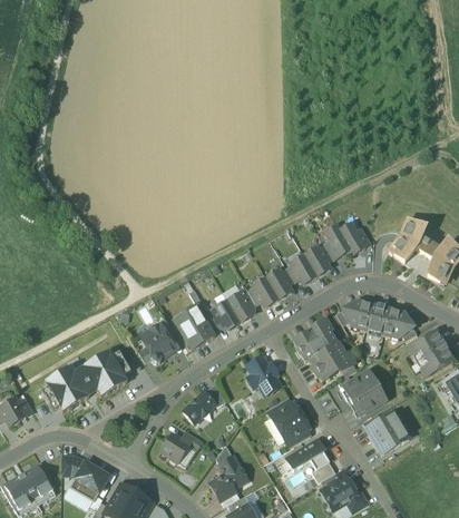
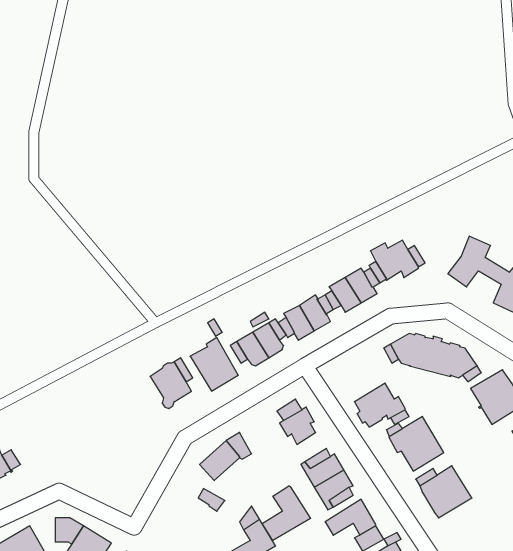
building: [294,319,338,361] -> none
building: [45,350,128,411] -> none
building: none -> [262,486,311,541]
building: [160,433,191,462] -> none

